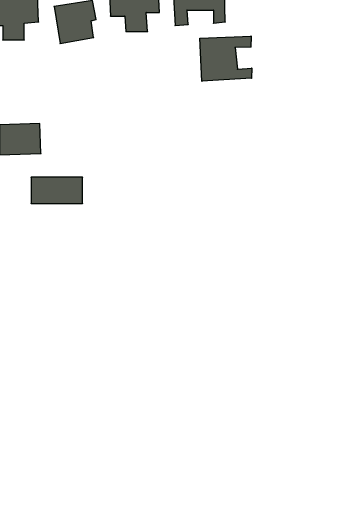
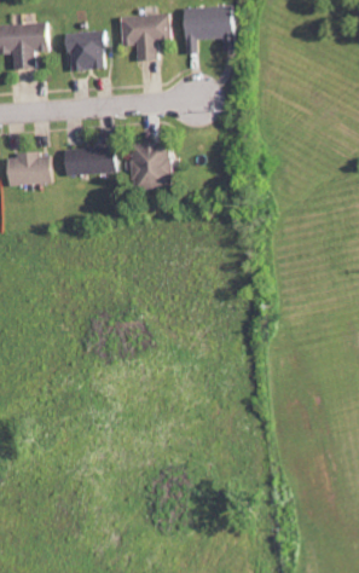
building: [200,36,252,81] -> none
building: none -> [132,143,173,190]
building: [31,177,83,203] -> [64,147,116,174]

